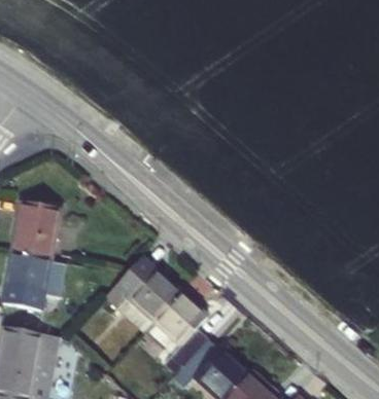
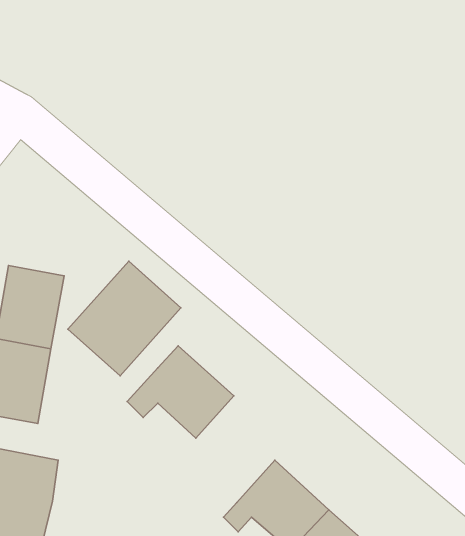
building: none -> [68,261,181,376]
building: [152,293,208,368] -> none

